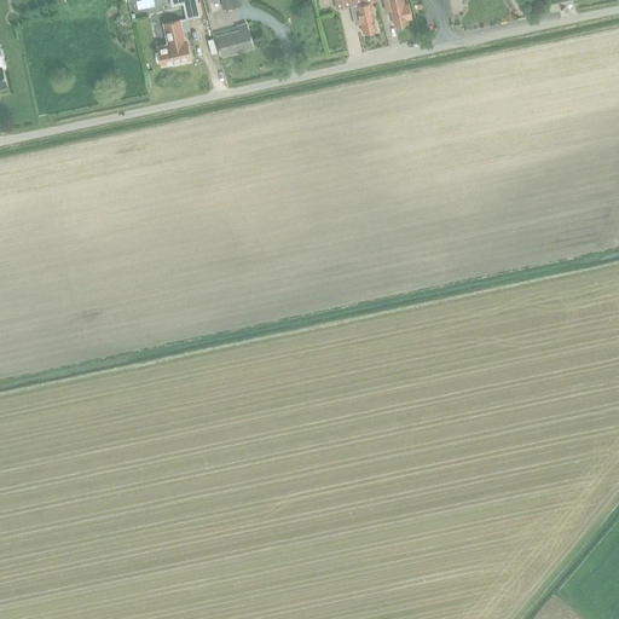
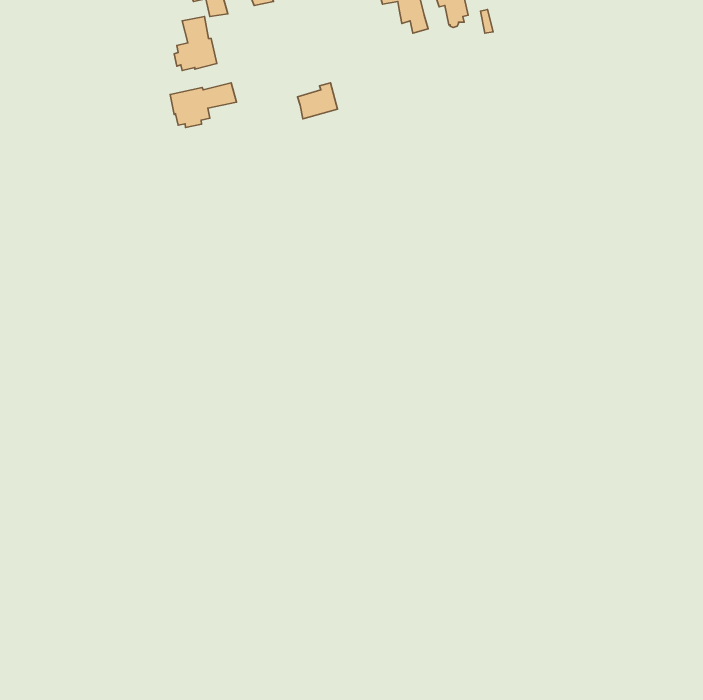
building: [215,19,250,51] -> [297,83,337,119]
building: none -> [170,83,236,128]

